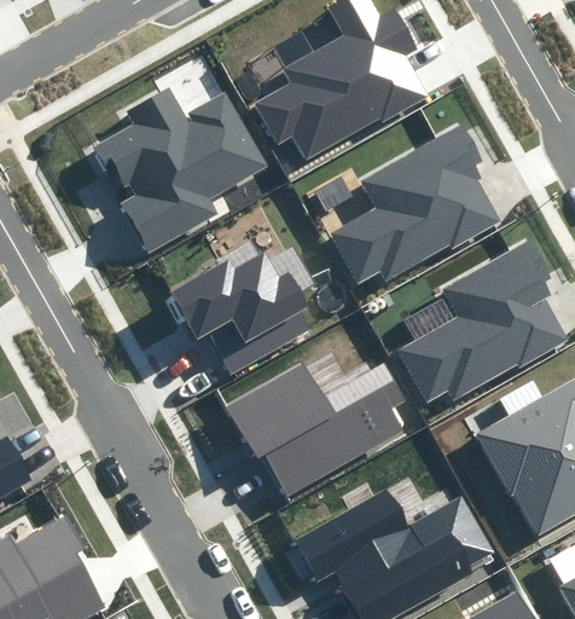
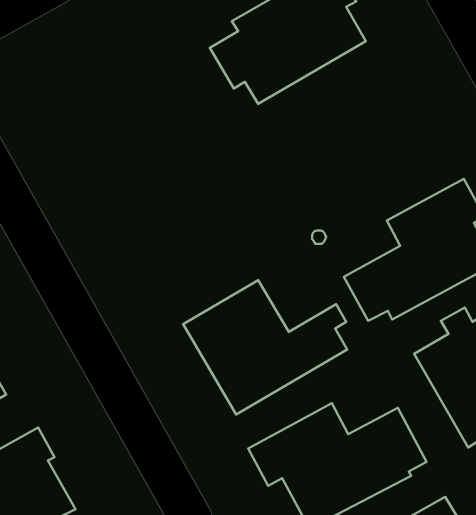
building: [91,88,267,249] -> none
building: [330,125,499,283] -> none
building: [168,248,309,372] -> none

